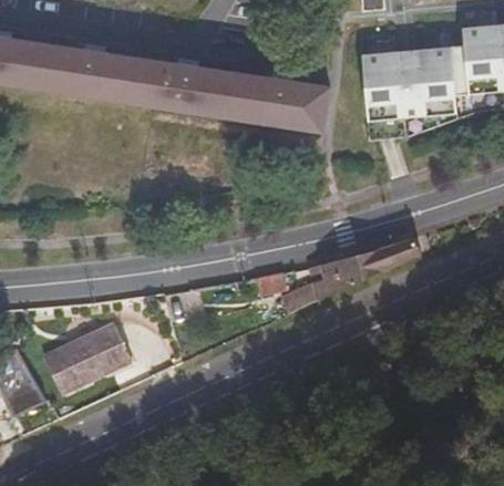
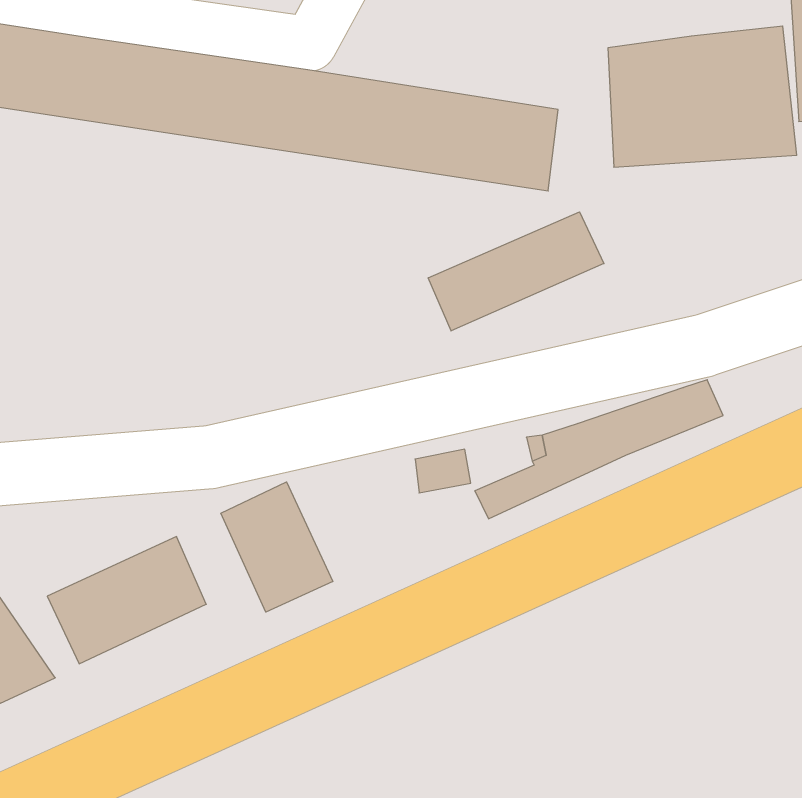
building: none -> [428,212,604,331]
building: none -> [221,482,333,612]

